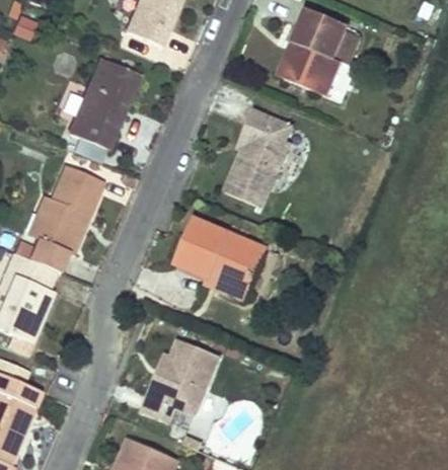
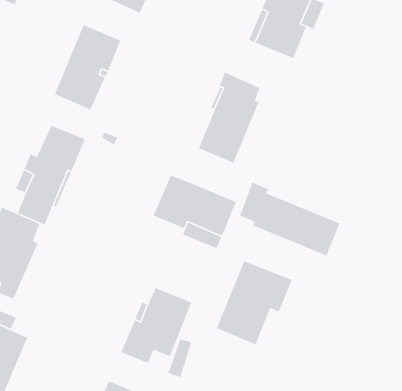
building: none -> [239,181,341,257]
building: none -> [216,260,293,346]

